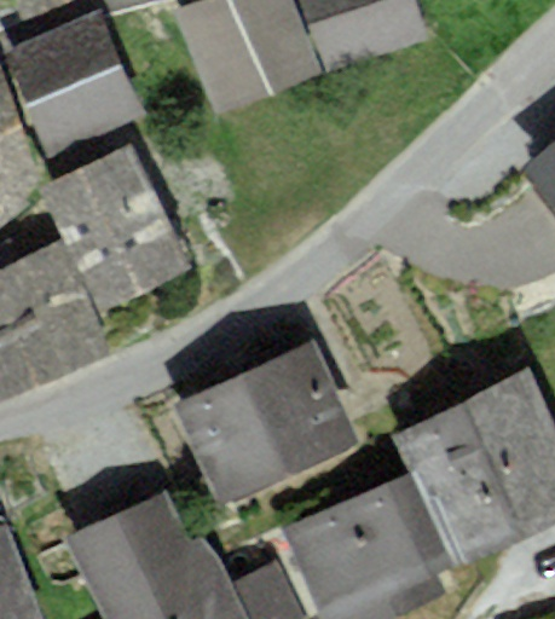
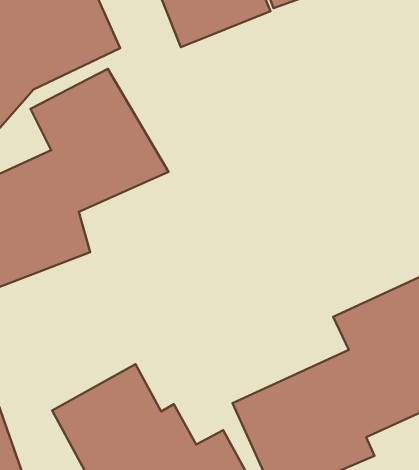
building: [172,341,358,502] -> none

